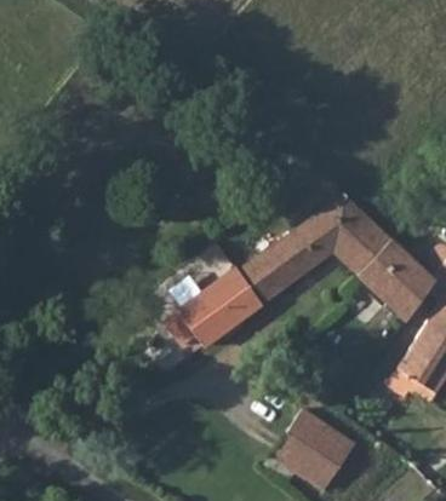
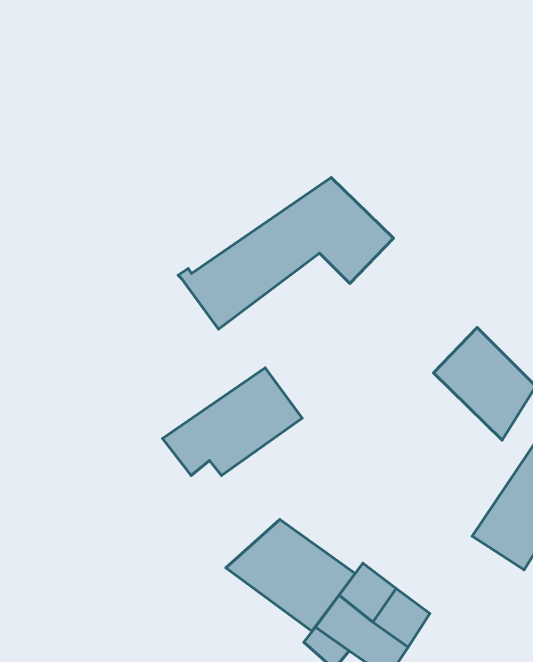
building: [234,195,389,304] -> [178,177,393,329]
building: none -> [226,520,355,631]

